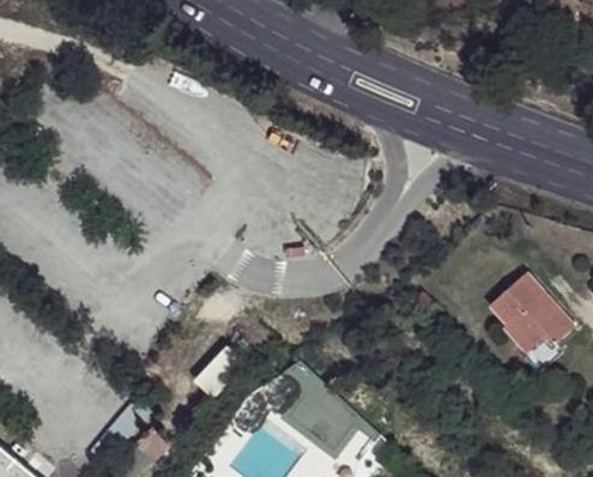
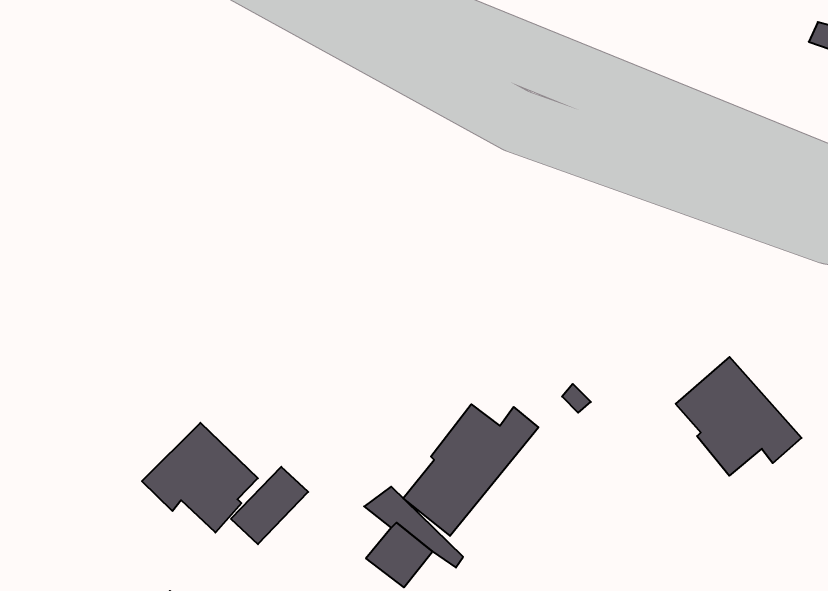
building: none -> [403,404,538,536]
building: none -> [142,423,258,533]

